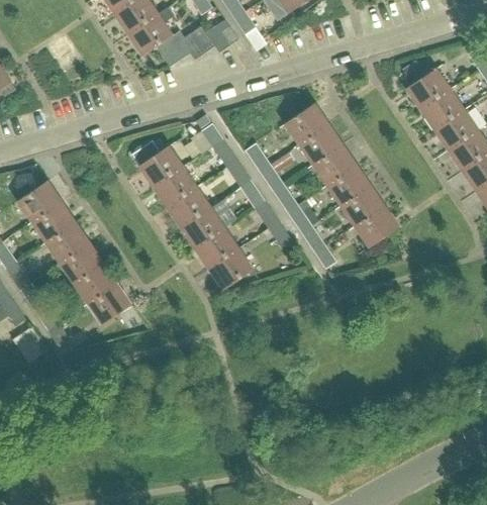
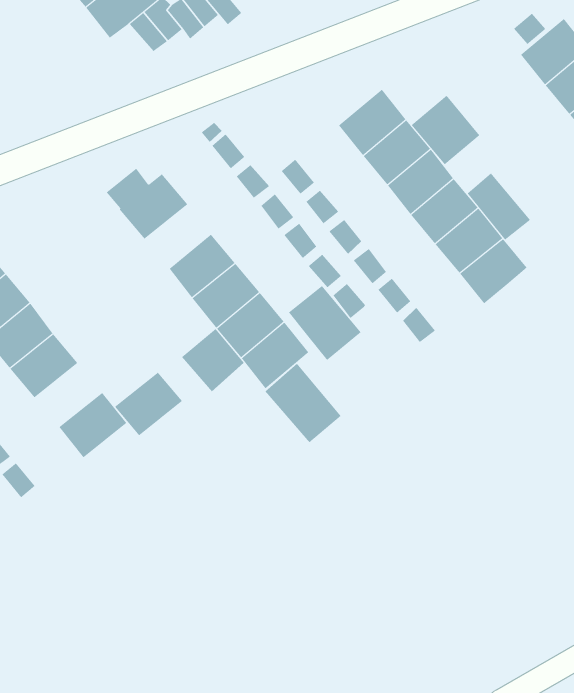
building: none -> [411,95,480,165]
building: none -> [467,172,531,240]
building: [153,167,196,207] -> none
building: none -> [288,285,361,361]
building: none -> [181,328,244,392]
building: [73,263,117,303] -> [114,372,183,436]
building: none -> [264,363,342,443]

